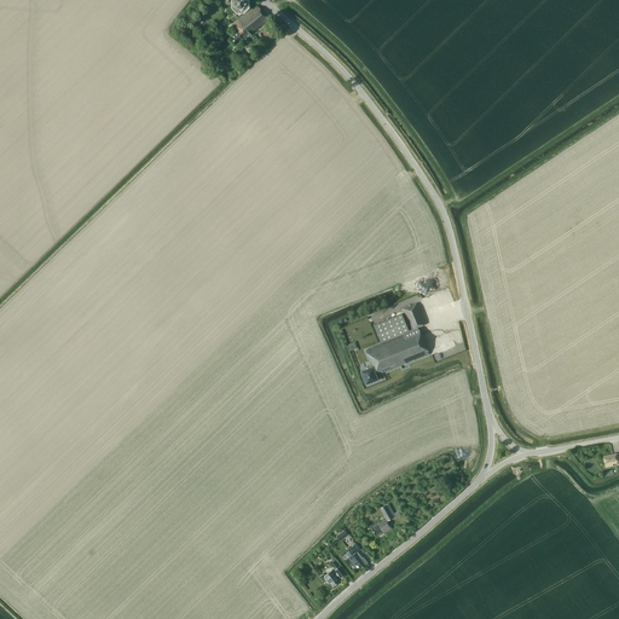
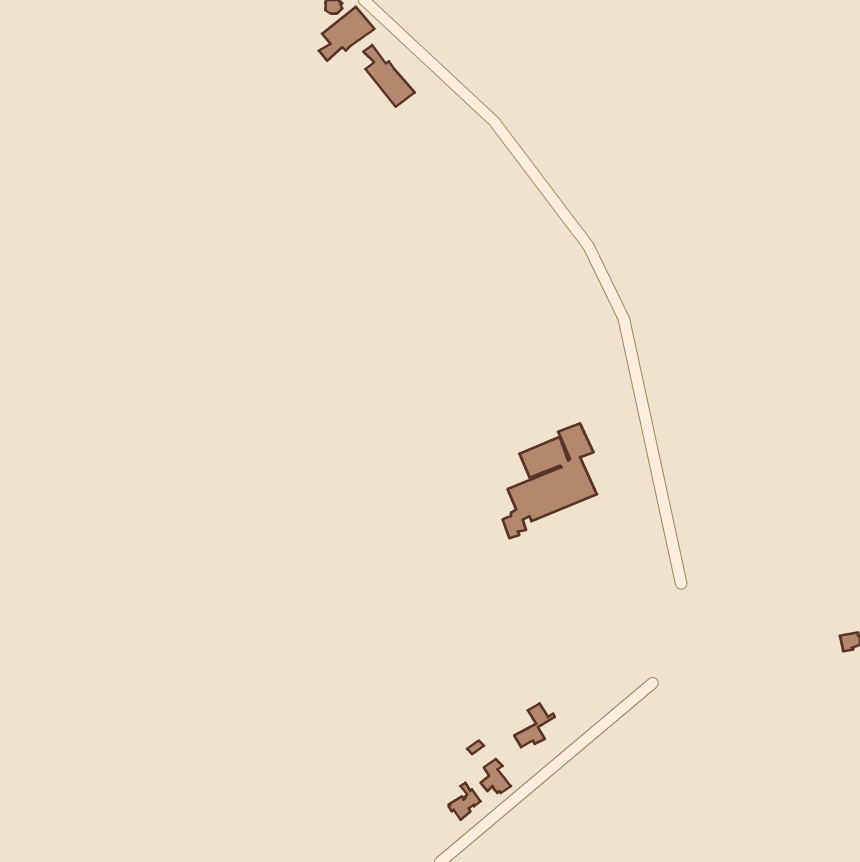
building: none -> [363,45,415,107]

